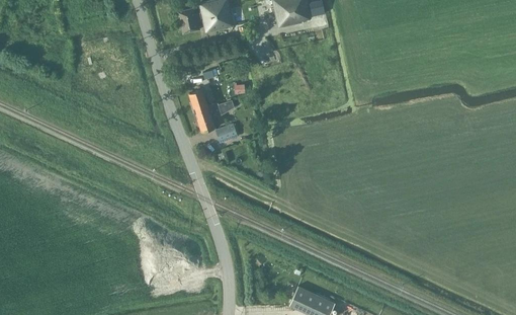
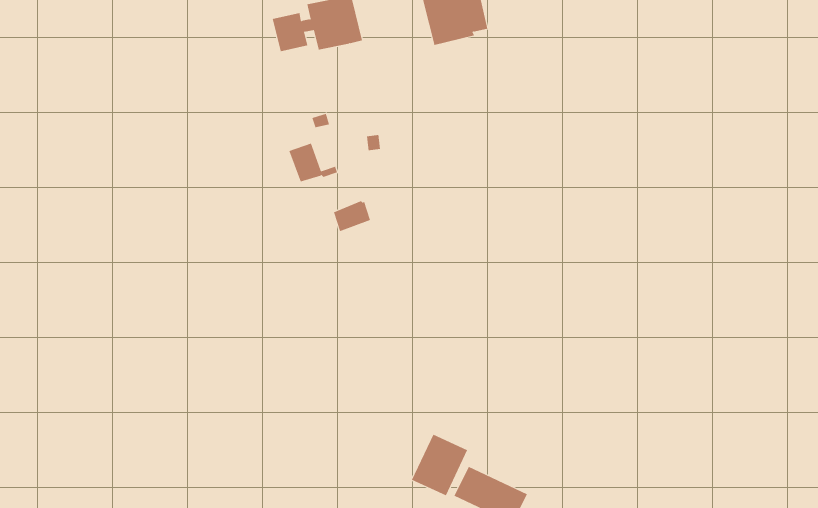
building: [195,99,234,132] -> none
building: none -> [411,434,468,496]

